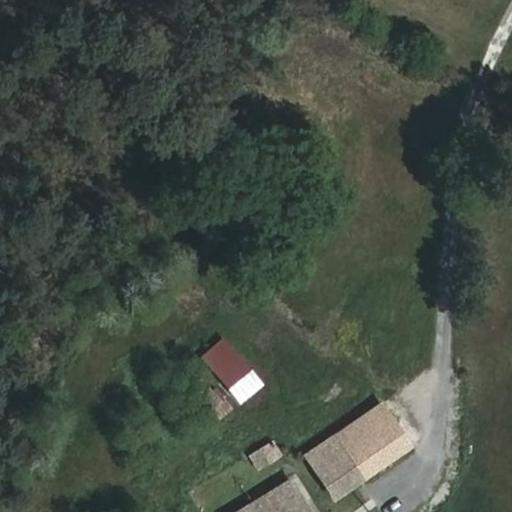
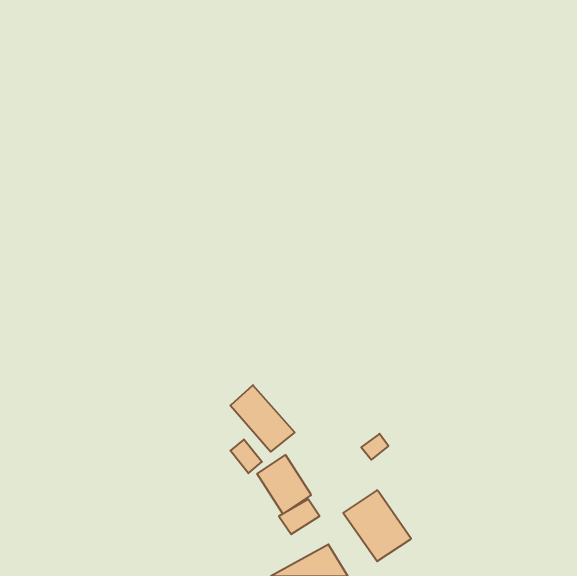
building: none -> [257,455,311,514]
building: [335,404,410,477] -> none

